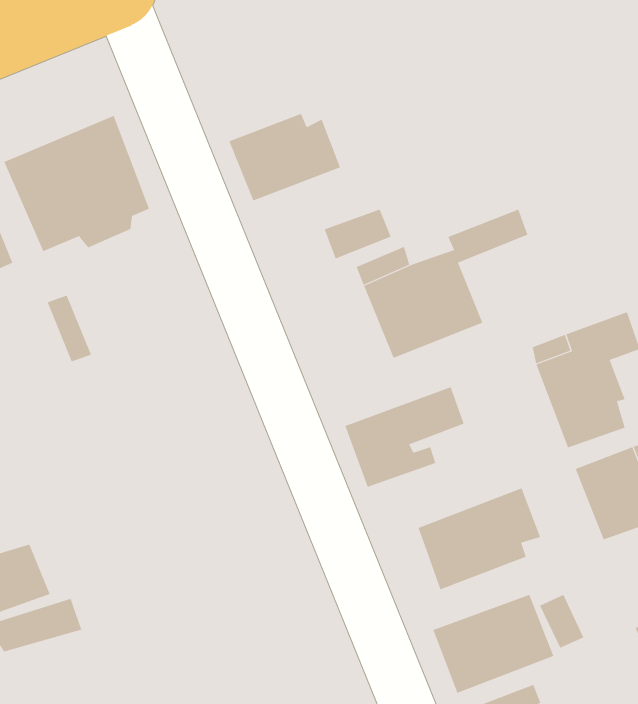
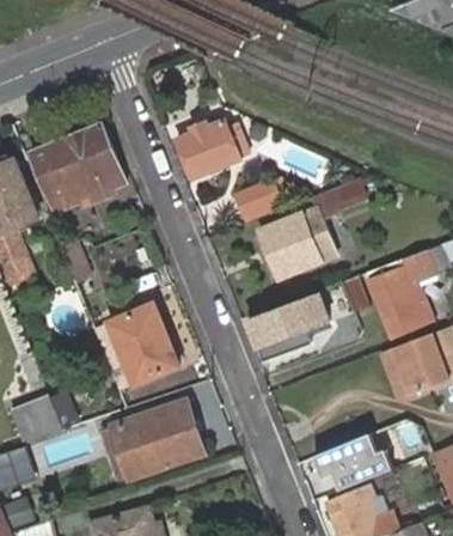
building: none -> [111,305,179,383]
building: [418,487,541,590] -> none
building: none -> [111,402,203,477]

